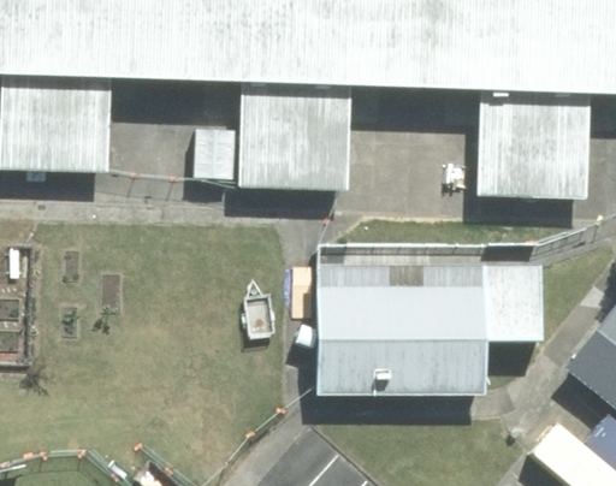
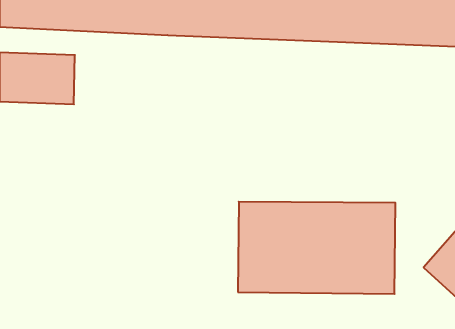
building: [232,99,349,188] -> none
building: [469,109,581,195] -> none

